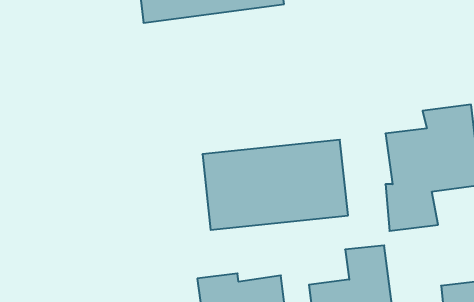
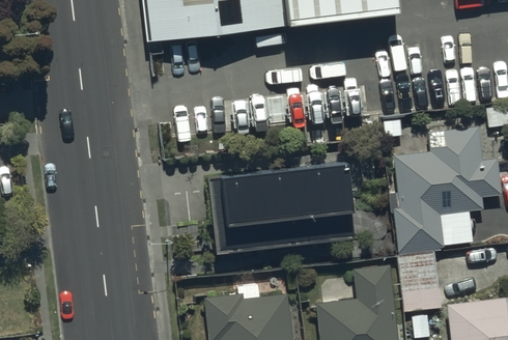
building: none -> [398,255,442,315]

